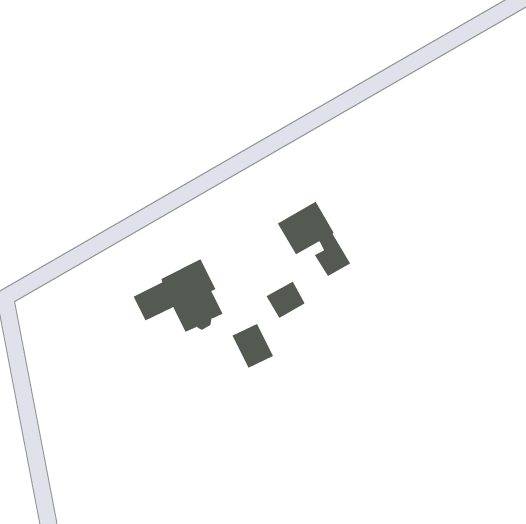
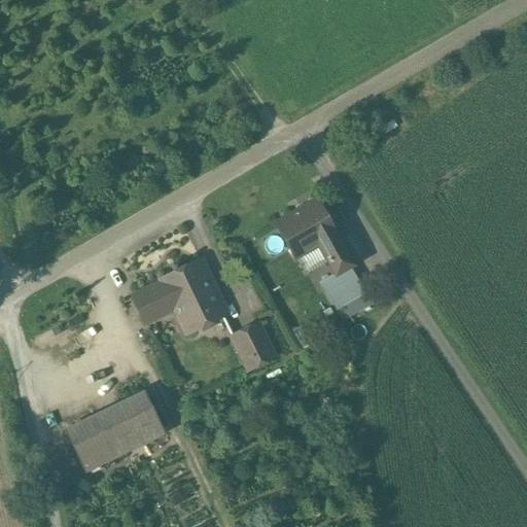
building: [266,281,306,319] -> [326,269,366,307]
building: none -> [67,392,162,468]

